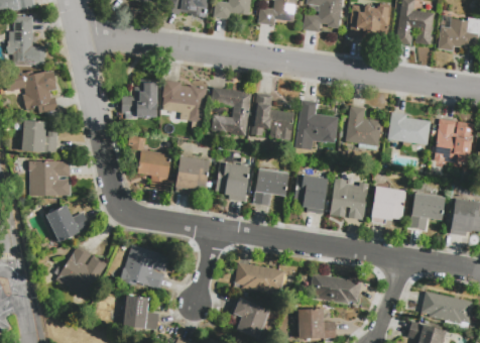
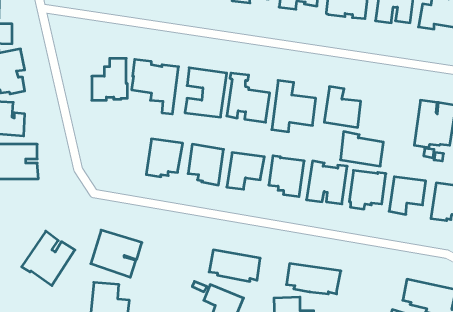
building: [389,111,431,144] -> [340,132,383,166]
building: [130,135,172,189] -> none
building: [46,204,91,241] -> none

